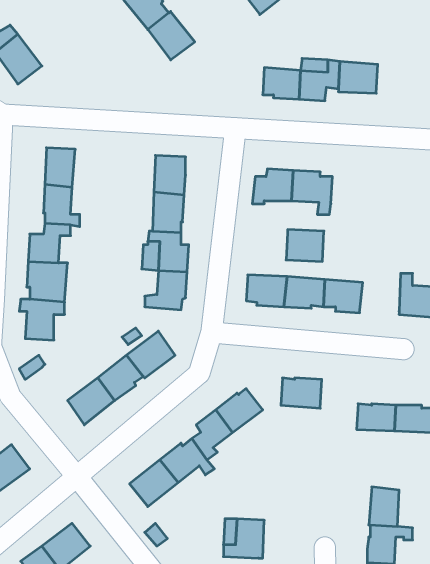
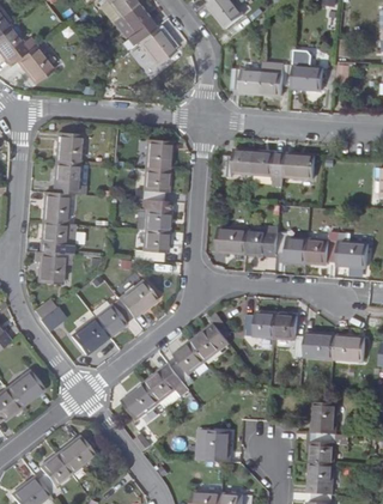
building: [286,230,324,261] -> [284,154,314,180]
building: none -> [306,232,339,266]
building: none -> [275,317,305,357]

